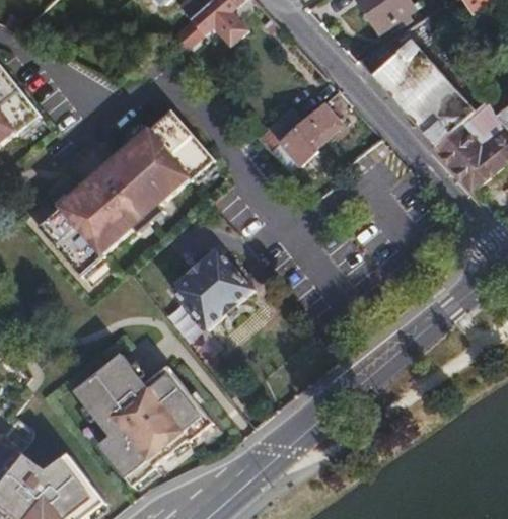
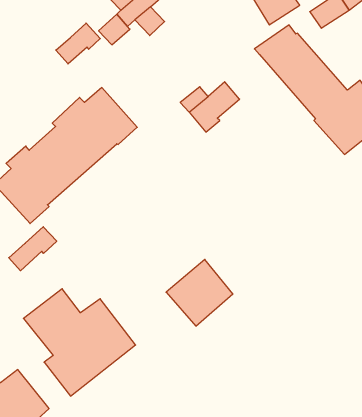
building: none -> [56,23,100,64]
building: [170,249,252,331] -> [166,259,233,326]
building: none -> [9,227,57,271]

